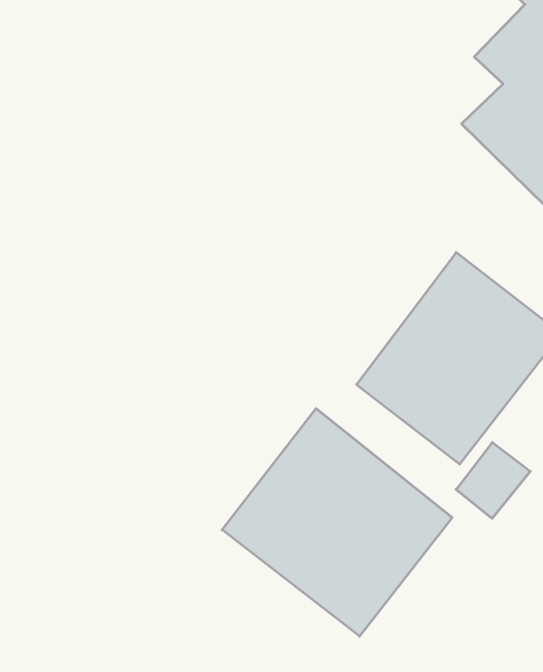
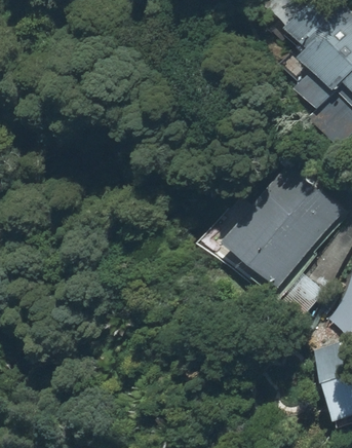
building: [222,409,452,636] -> none

